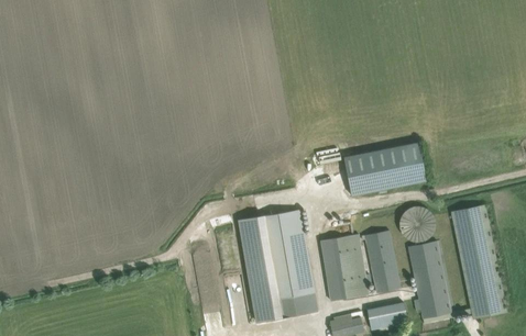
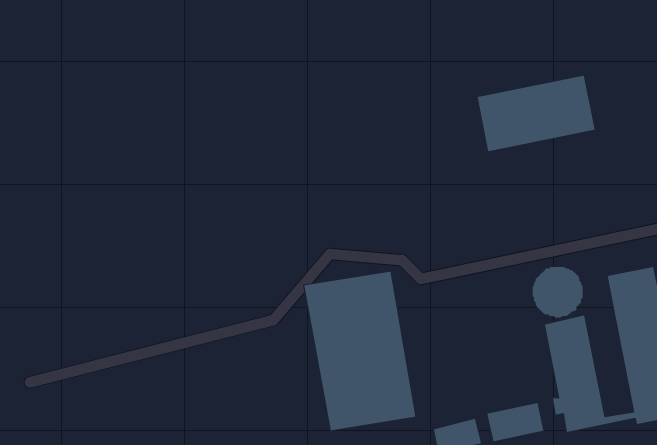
building: [342,142,426,195] -> [477,75,596,152]
building: [364,229,401,293] -> none
building: [322,234,368,301] -> none

